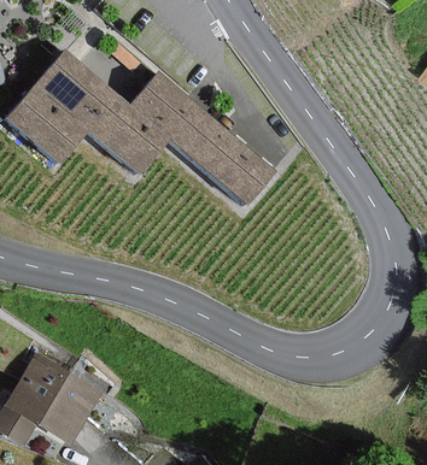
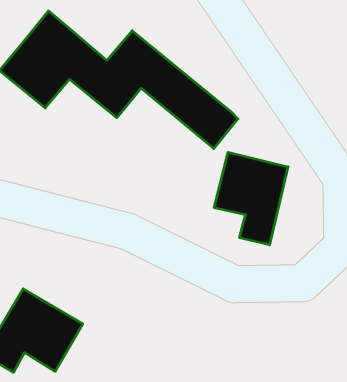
building: none -> [214,152,288,245]

